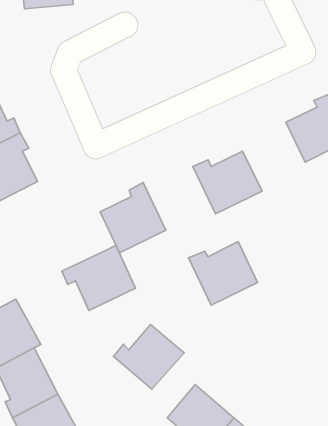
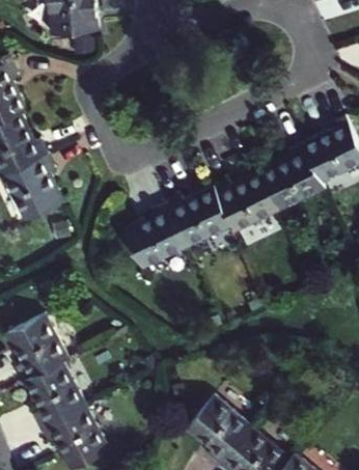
building: none -> [261,144,325,211]
building: [189,242,258,305] -> [166,187,232,248]
building: [62,245,135,310] -> none
building: [114,324,184,389] -> none

